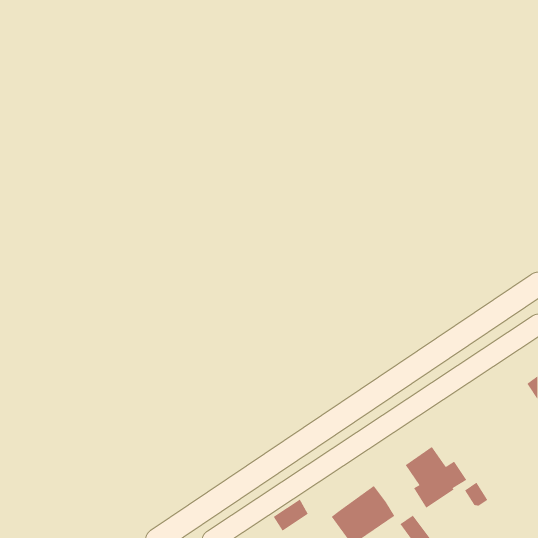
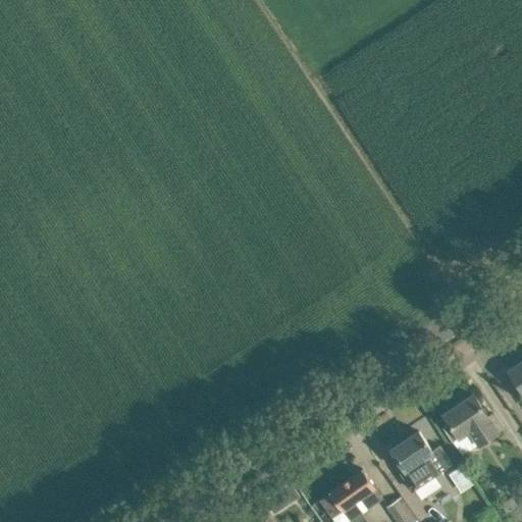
building: none -> [441,396,502,446]

